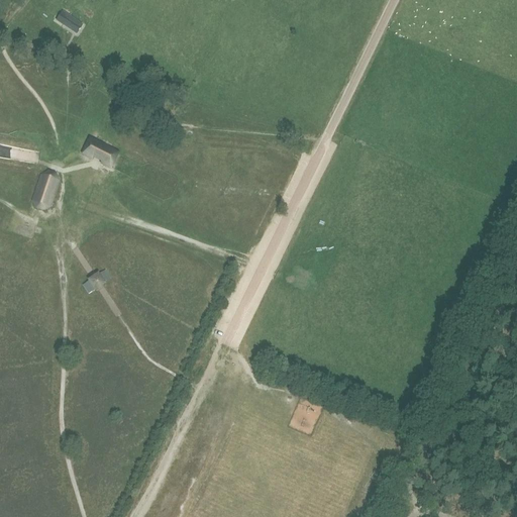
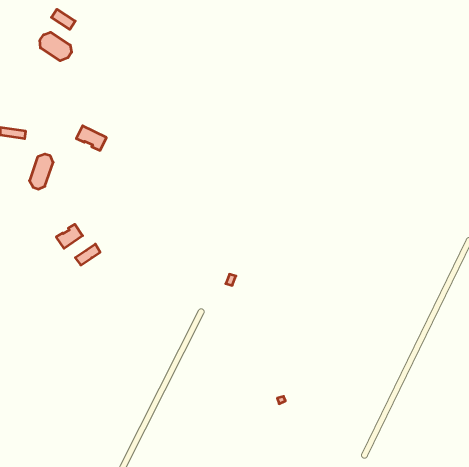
building: none -> [40,32,72,61]
building: none -> [56,224,83,248]

